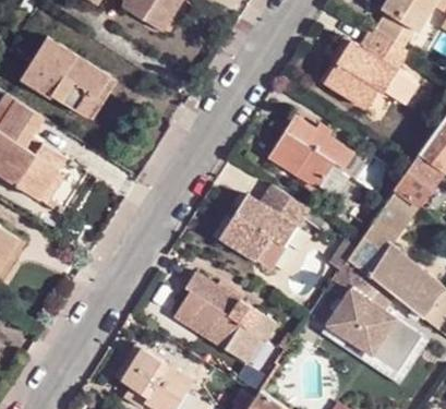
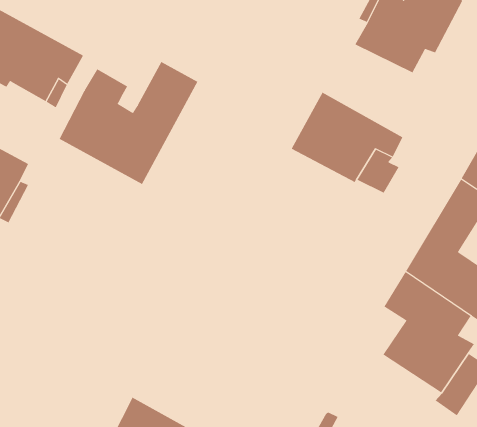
building: none -> [59,61,198,185]
building: [221,189,309,272] -> none
building: [173,272,276,360] -> none

